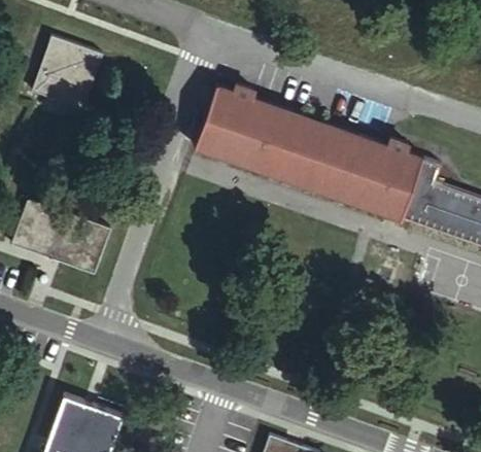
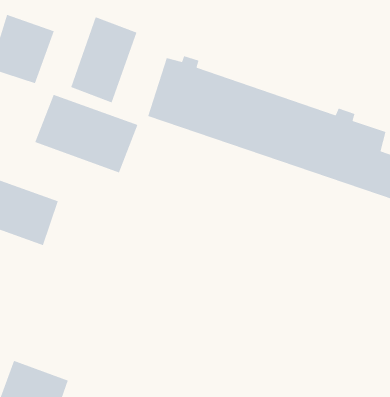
building: none -> [70,16,137,104]
building: none -> [34,94,138,173]

